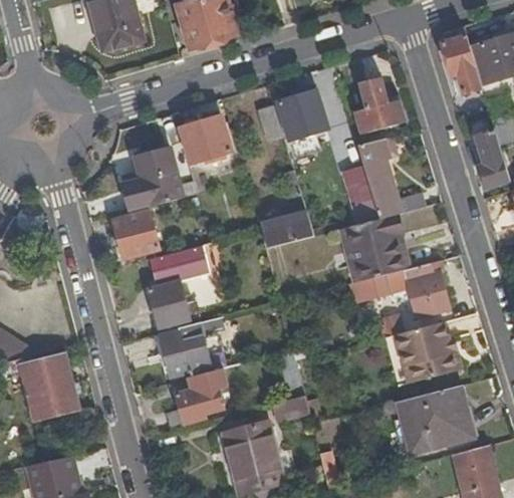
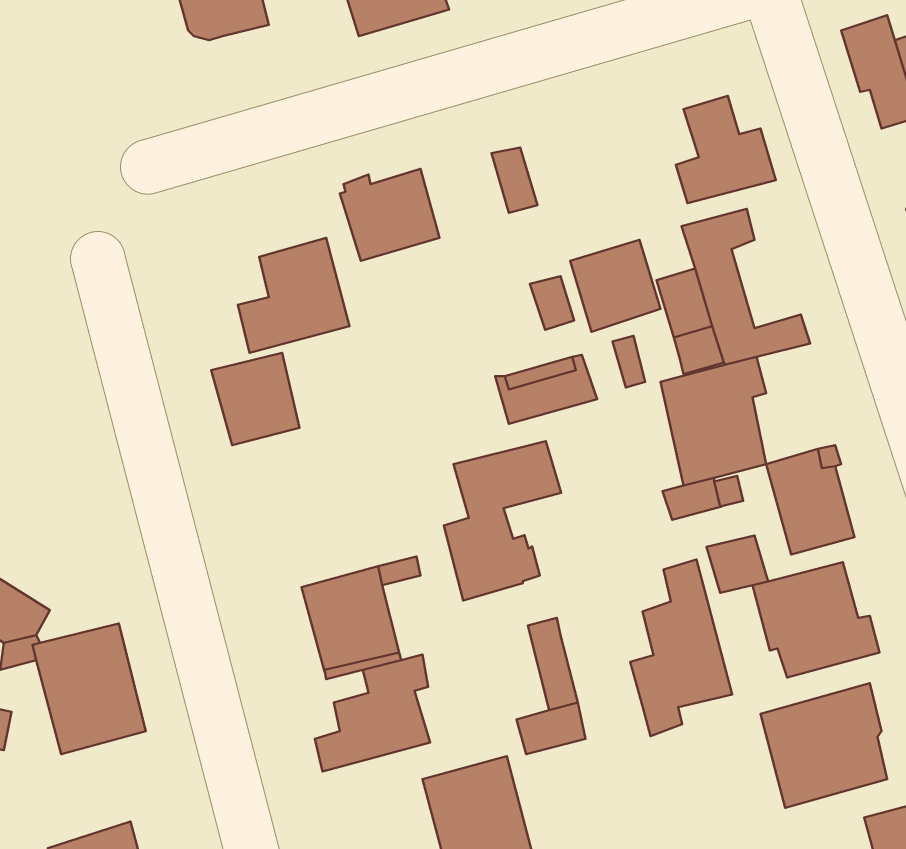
building: [279,91,326,140] -> [570,240,661,332]
building: [148,246,209,329] -> [444,441,561,600]
building: none -> [630,560,732,736]

